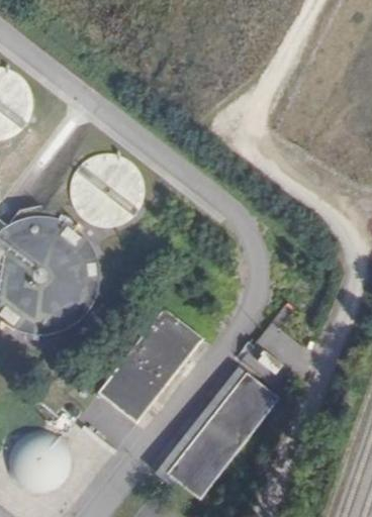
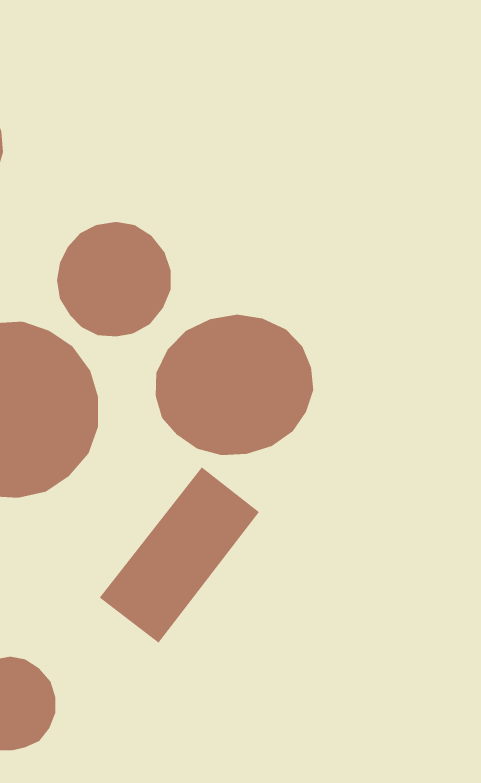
building: none -> [155,314,314,456]
building: [164,374,275,500] -> none

